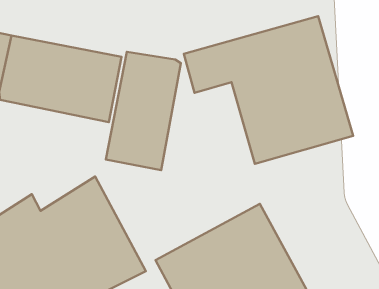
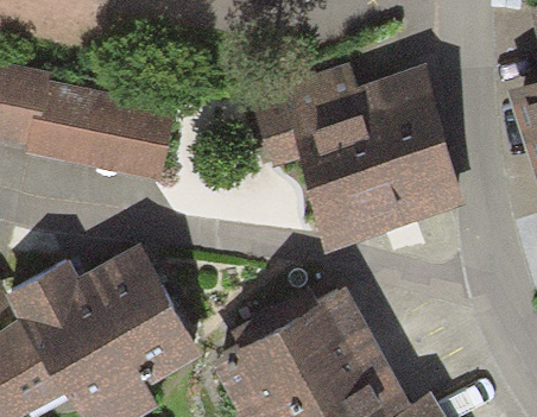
building: [106,52,181,170] -> none

